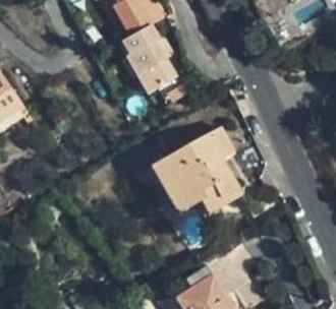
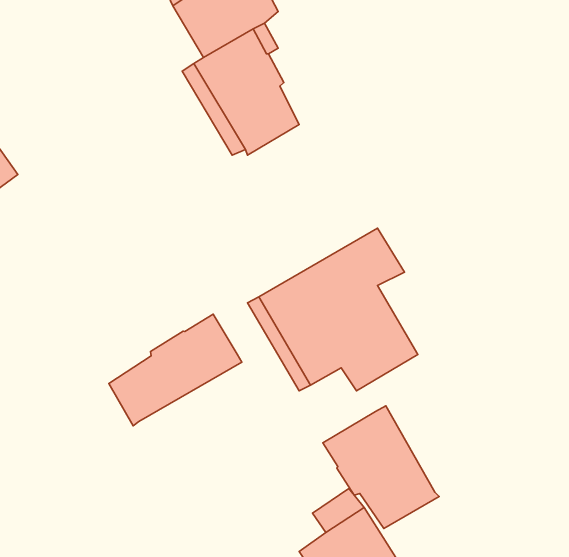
building: none -> [109,314,242,426]
building: none -> [323,406,439,529]

